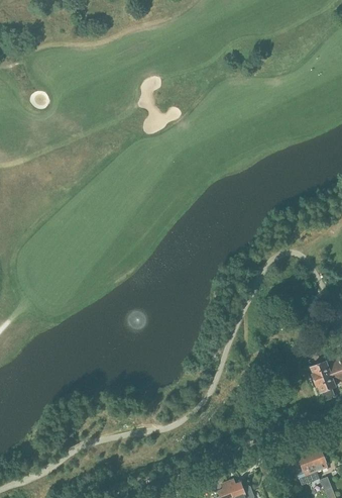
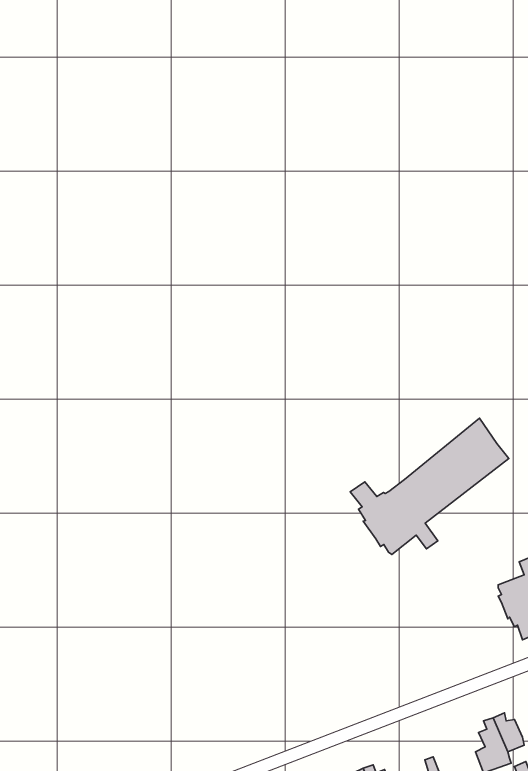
building: none -> [350,418,509,554]

